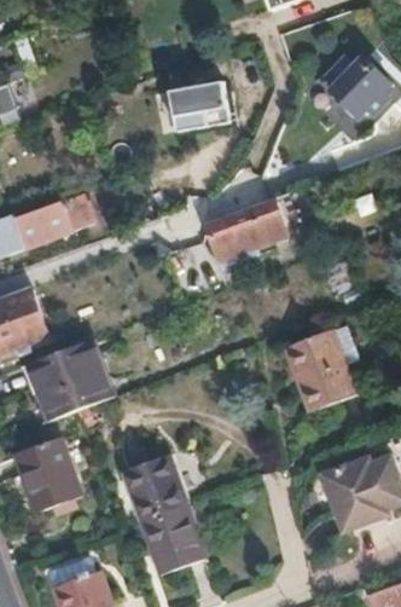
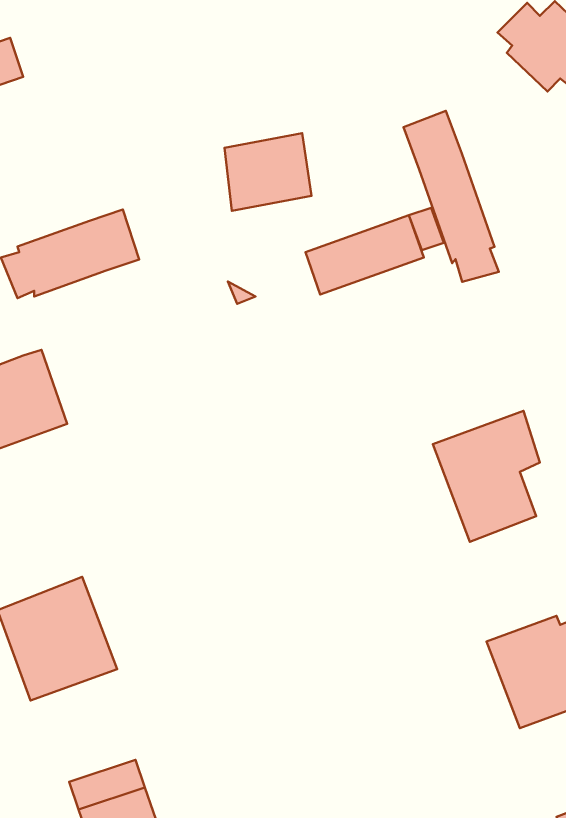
building: [173,81,229,132] -> [225,133,311,211]
building: none -> [404,111,499,282]
building: [24,340,111,421] -> none
building: [123,457,208,580] -> none

